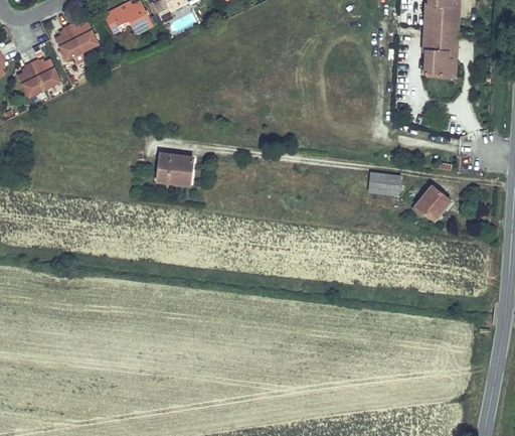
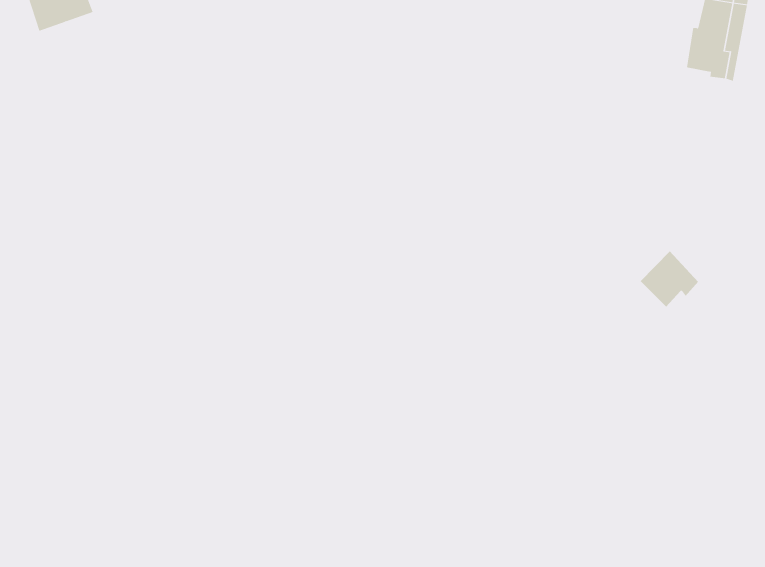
building: [156,152,191,179] -> none
building: [367,171,399,193] -> none

